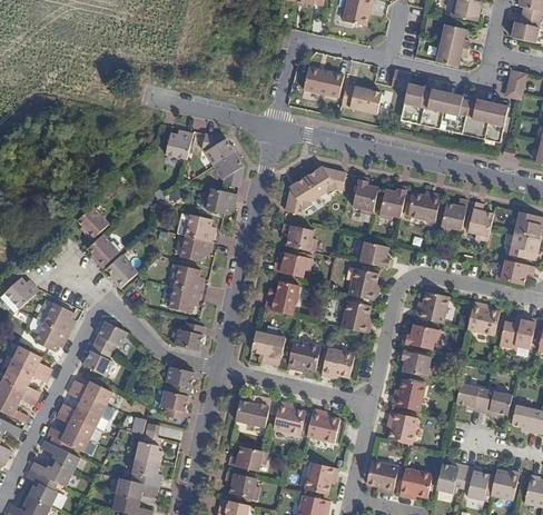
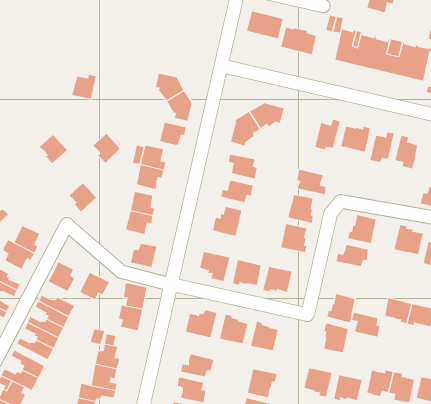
building: [165,131,192,159] -> [72,74,97,99]
building: [352,176,378,215] -> none
building: [87,235,118,268] -> [93,133,121,163]
building: [93,320,127,351] -> [80,272,110,300]
building: [398,349,431,377] -> [351,312,380,337]

